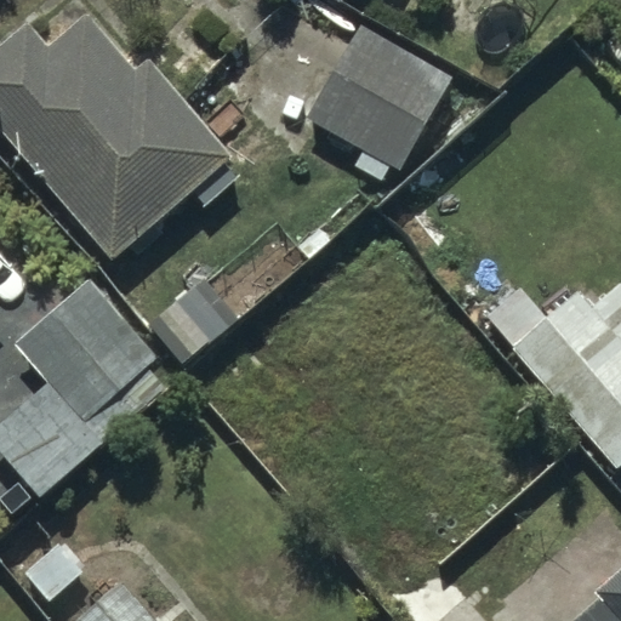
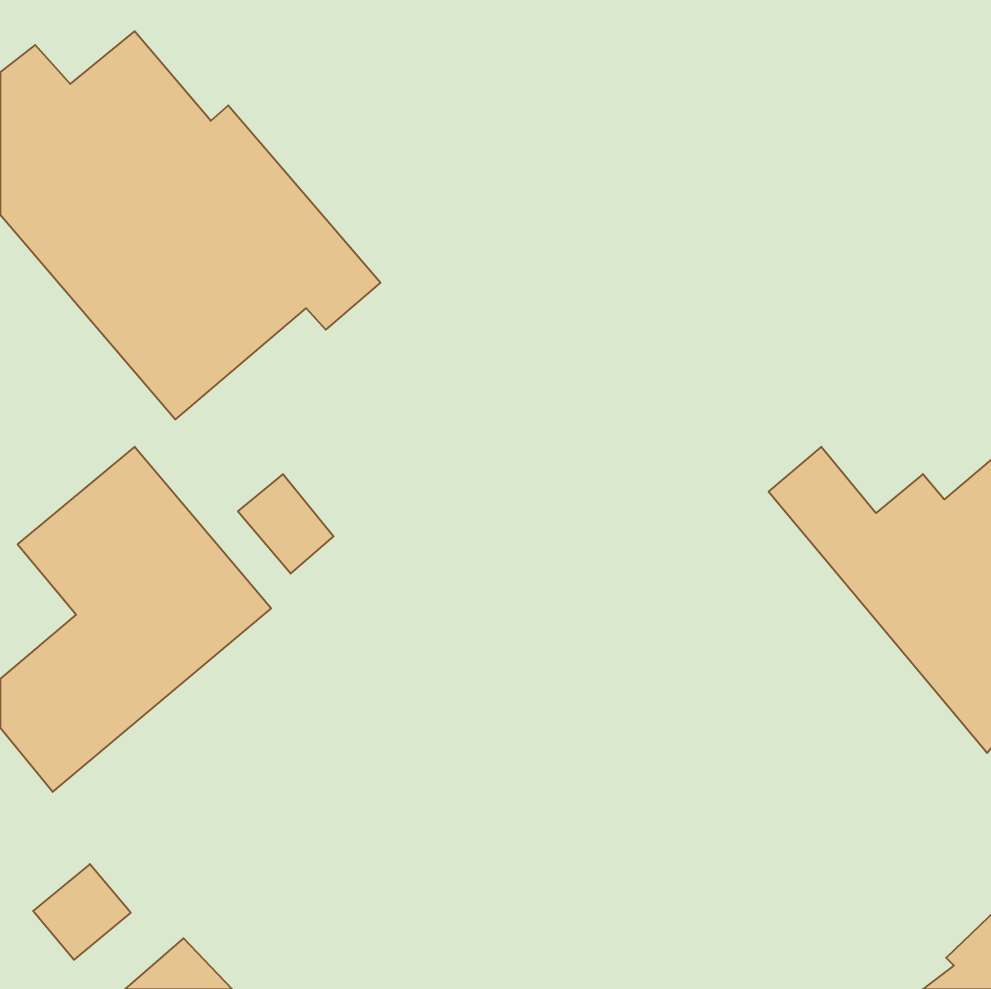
building: [306,24,452,183] -> none

